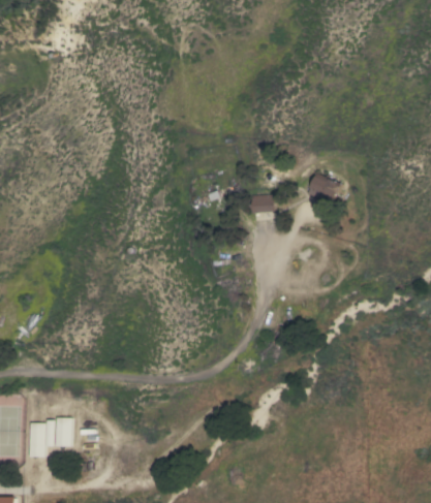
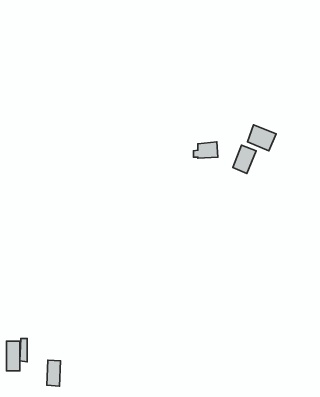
building: none -> [233,145,256,174]
building: [56,416,71,446] -> [47,360,60,386]

